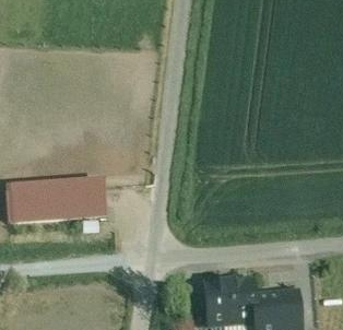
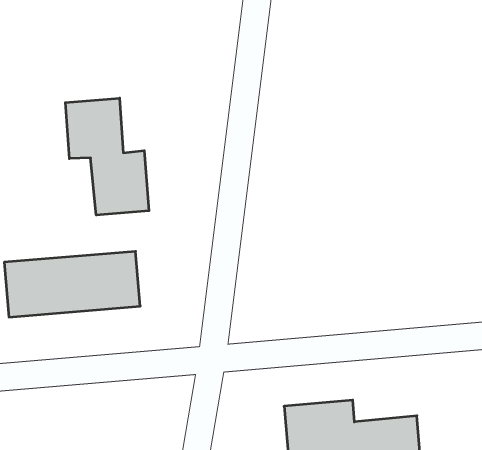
building: none -> [65,98,149,215]

